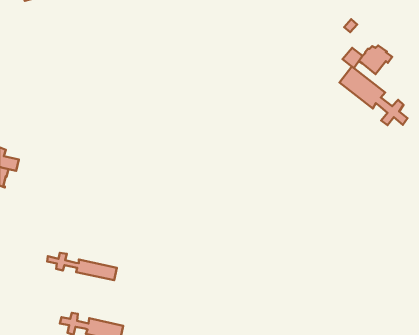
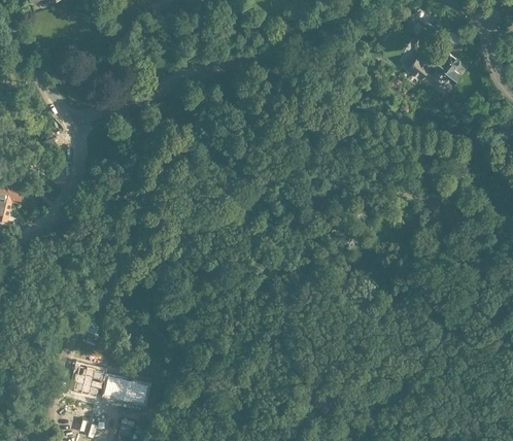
building: [339,67,407,125] -> none
building: [47,253,117,280] -> none

